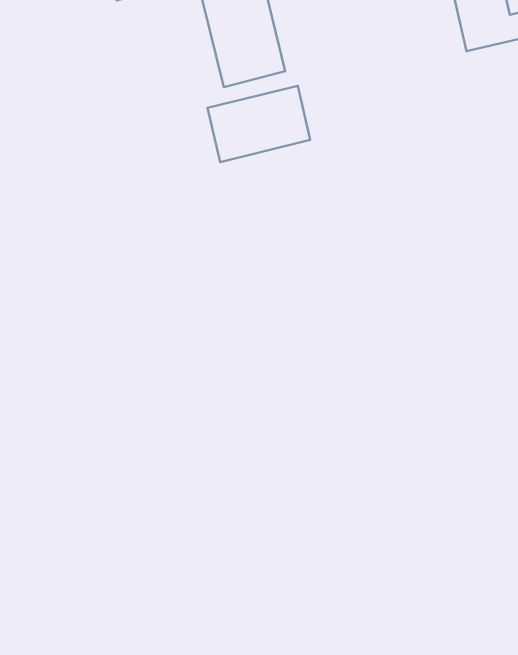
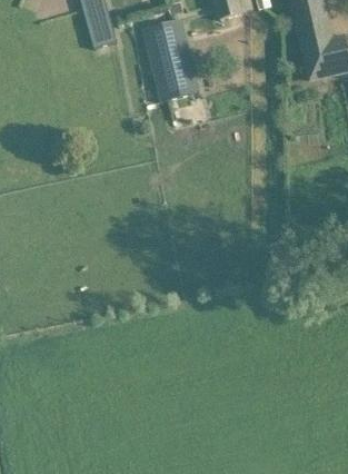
building: [208,86,310,162] -> none

